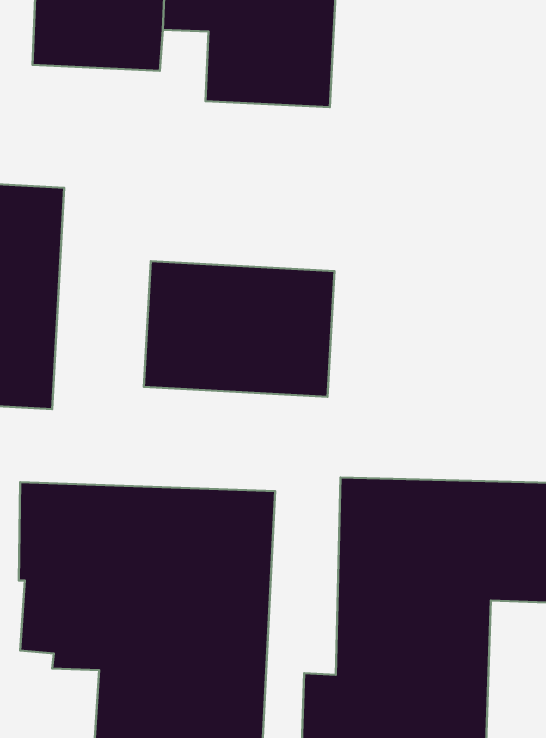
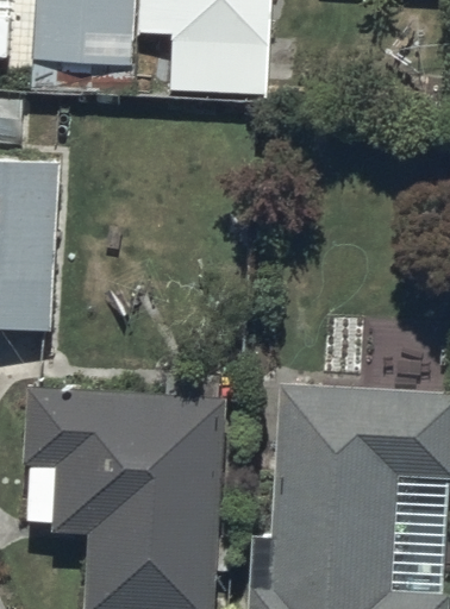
building: [144,261,335,397] -> none

